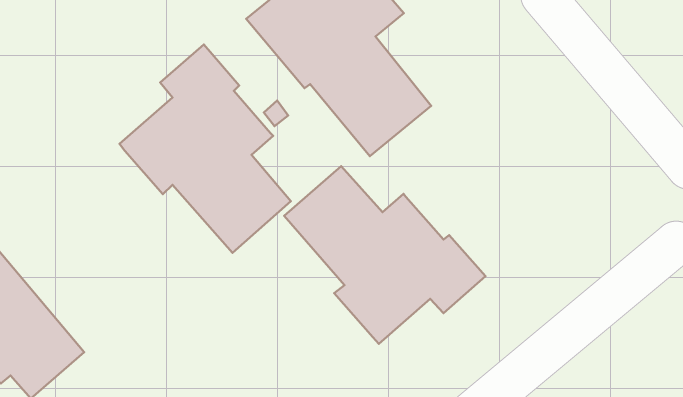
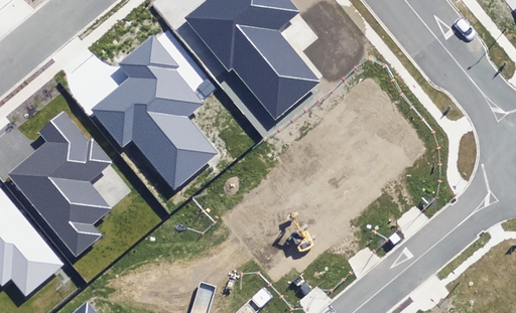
building: none -> [6,114,111,257]
building: [284,166,486,344] -> none

